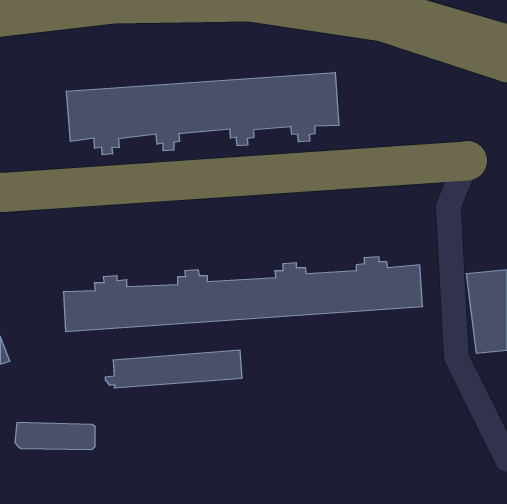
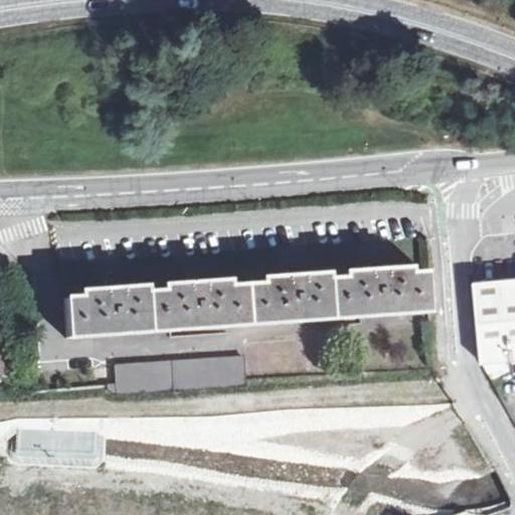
building: [66,72,339,155] -> none

